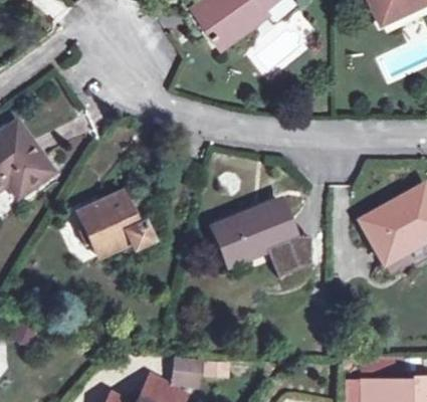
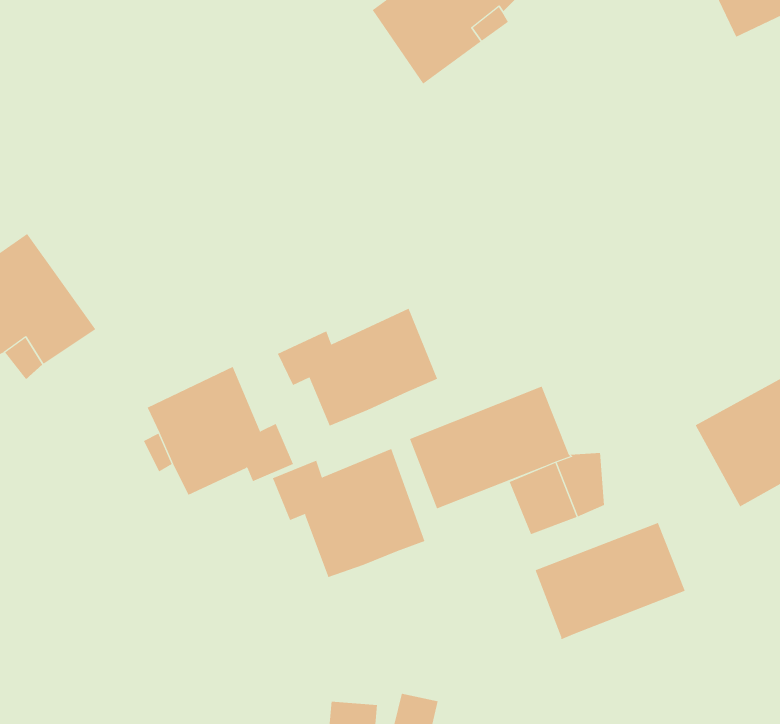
building: none -> [277,308,438,426]
building: none -> [272,448,425,578]
building: none -> [535,522,685,640]

